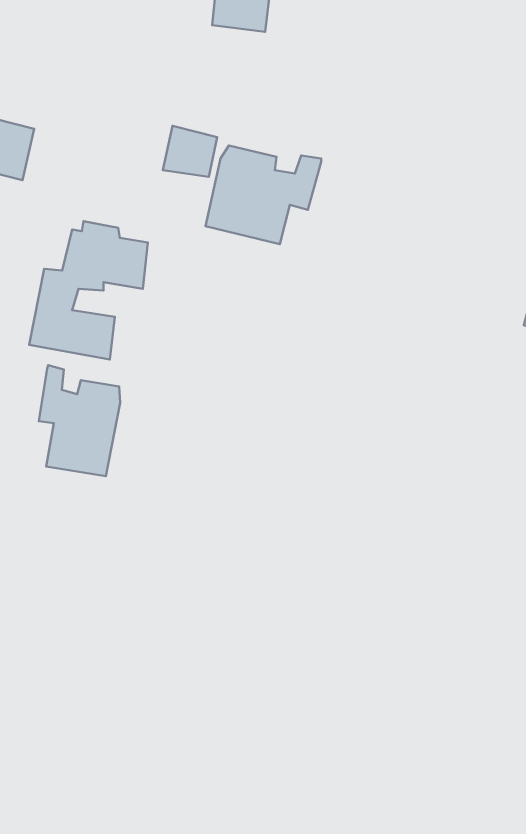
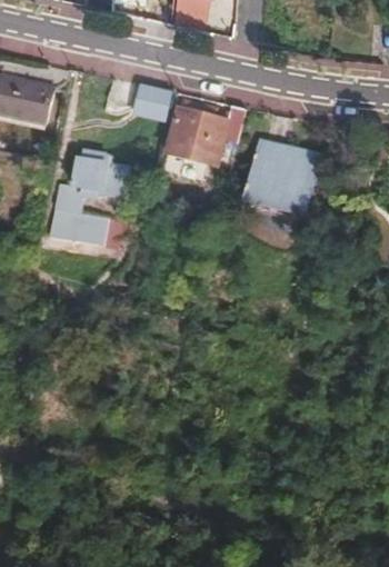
building: none -> [243,140,317,215]
building: [39,365,120,476] -> none

